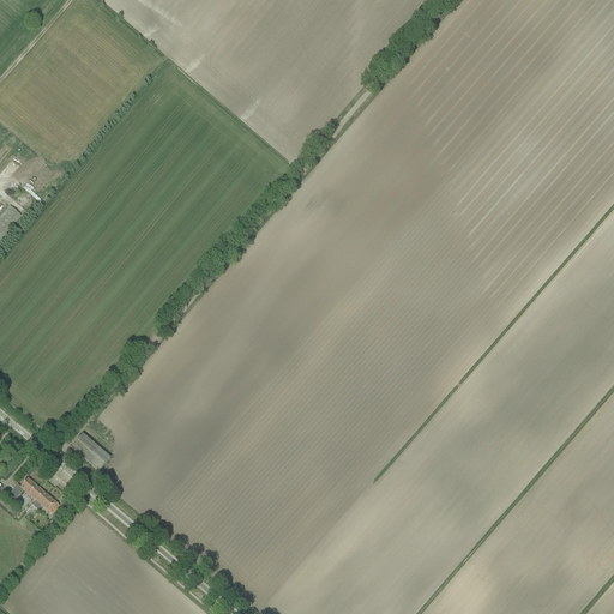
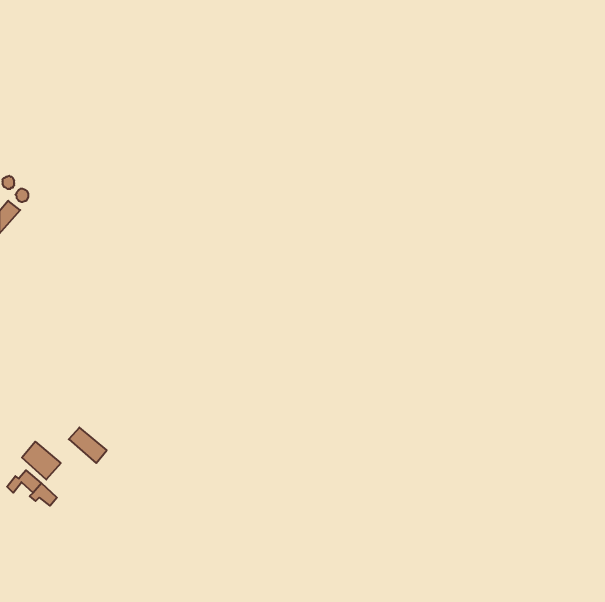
building: none -> [22,442,61,480]

